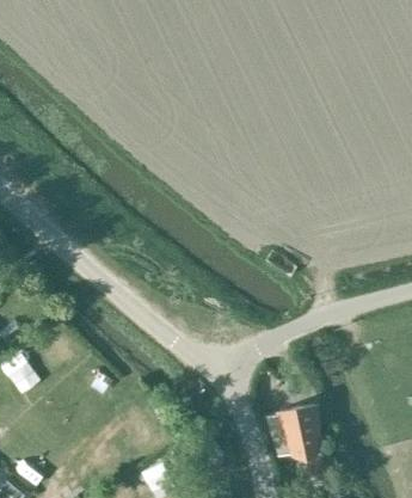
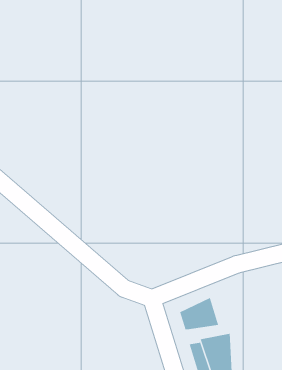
building: none -> [180,297,219,330]

